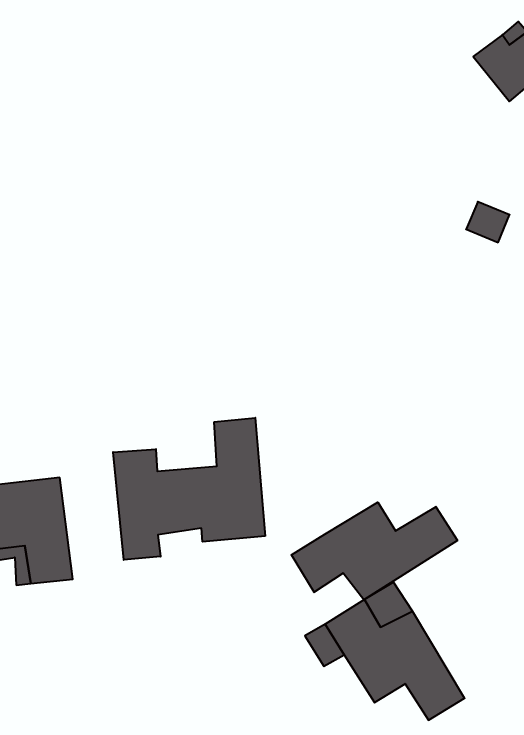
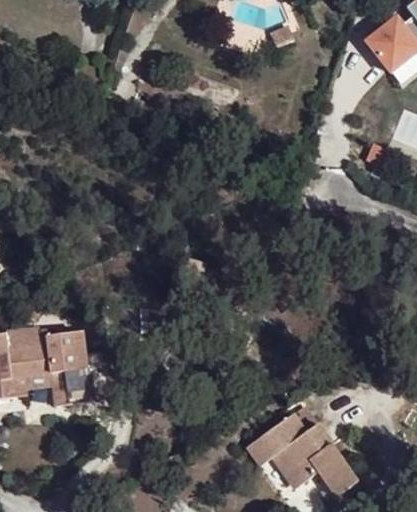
building: [113,418,265,560] -> none
building: [291,502,457,600] -> none

